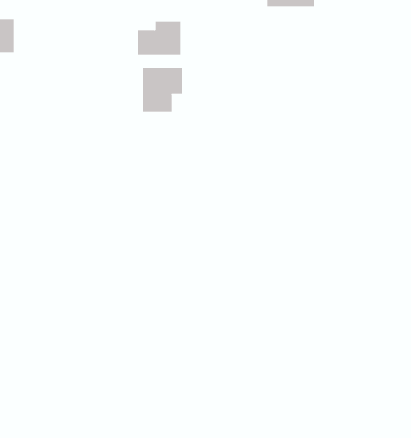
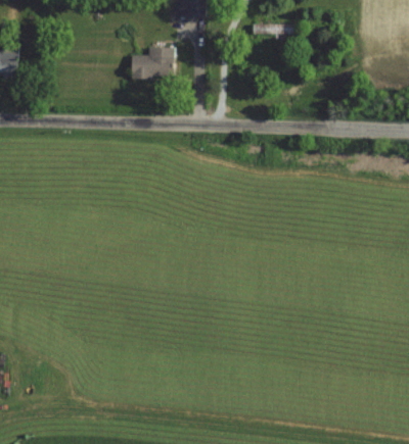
building: [142,67,182,113] -> none

